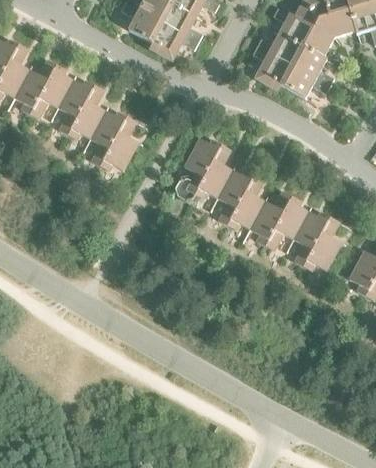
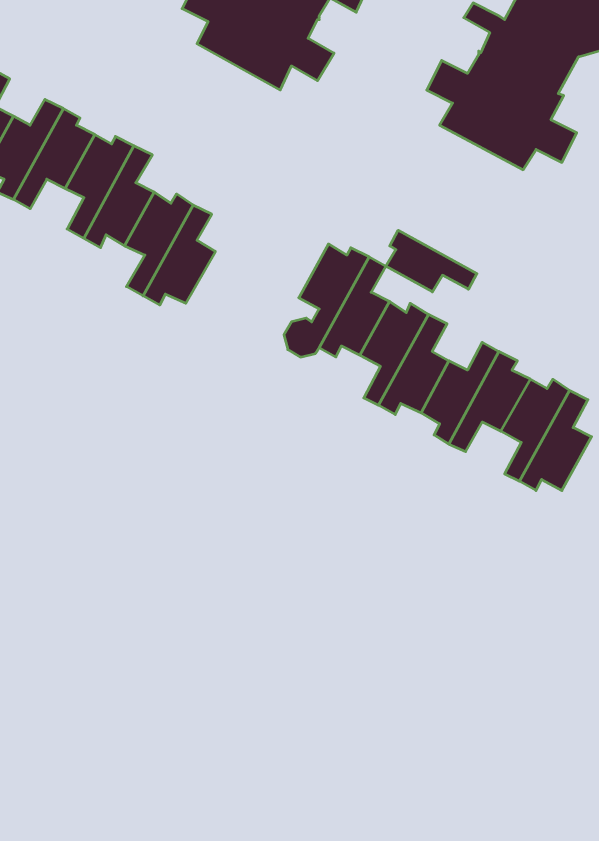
building: none -> [386,230,477,292]

